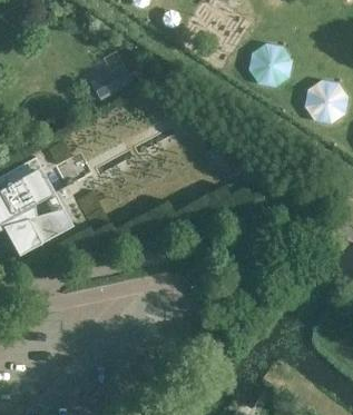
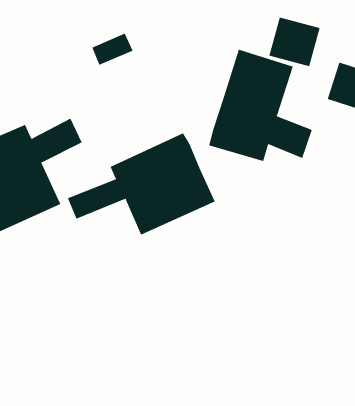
building: none -> [208,49,312,162]
building: none -> [67,132,215,235]

